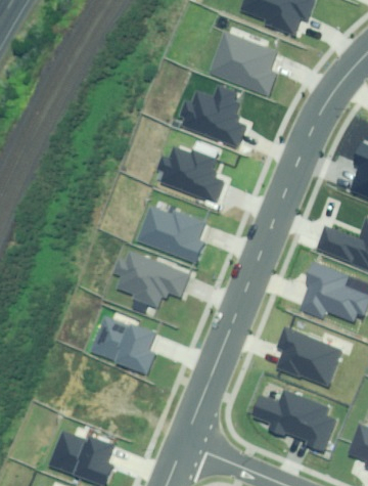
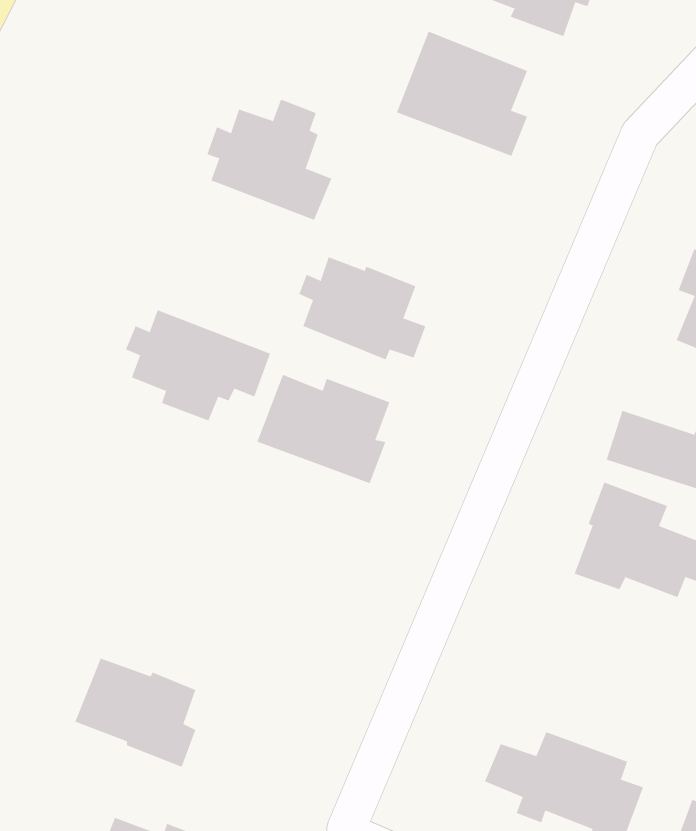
building: [182,84,246,146] -> [207,99,332,220]
building: [116,250,190,307] -> [125,309,271,421]
building: [92,316,154,372] -> [74,658,196,768]
building: [277,326,343,385] -> none

